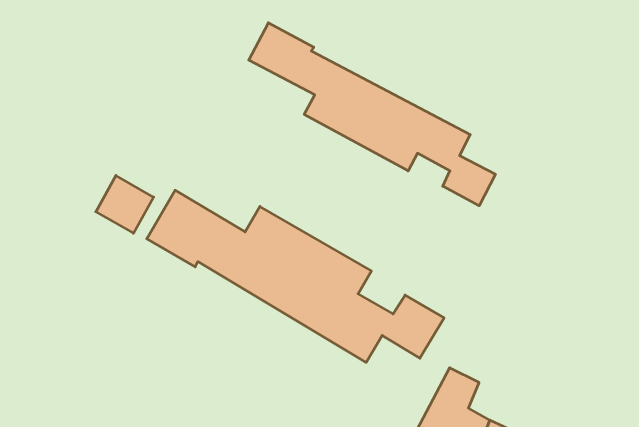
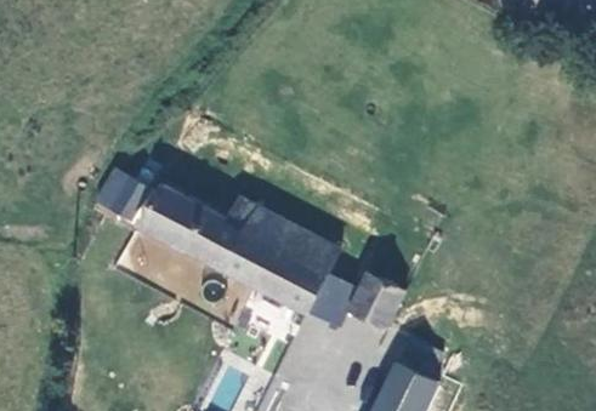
building: [249,23,495,206] -> none

